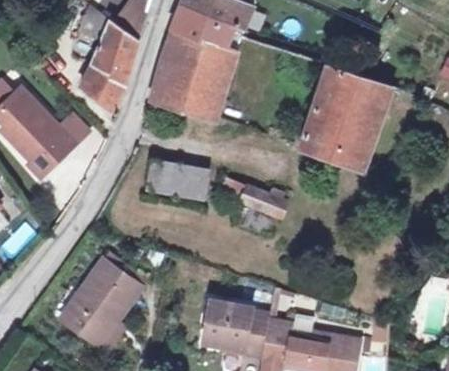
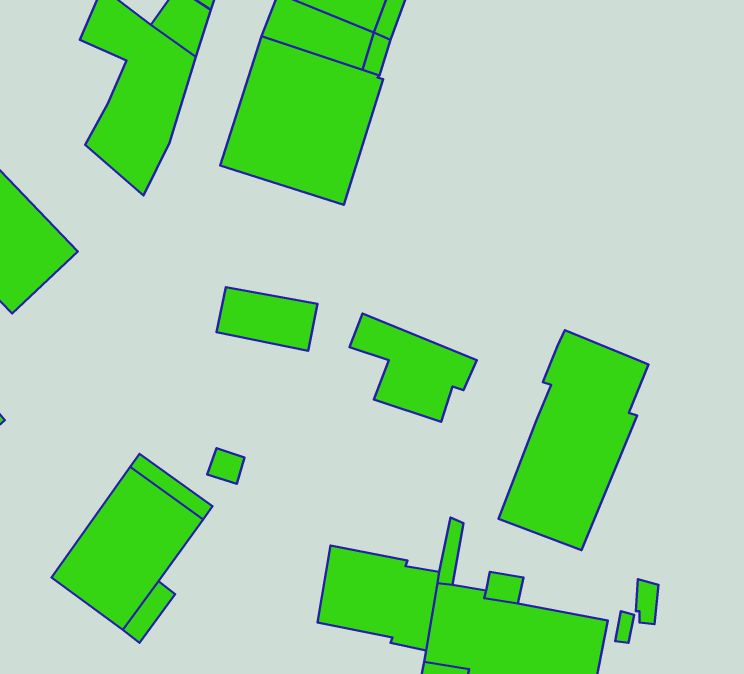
building: [300,66,391,168] -> none
building: none -> [499,330,649,550]

